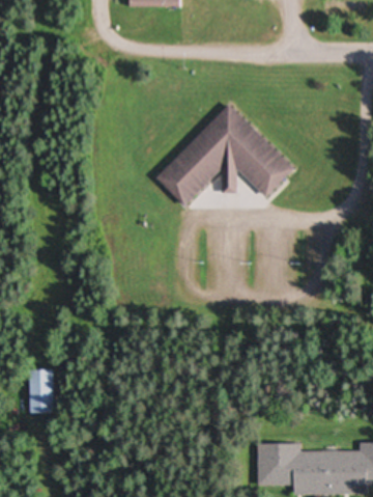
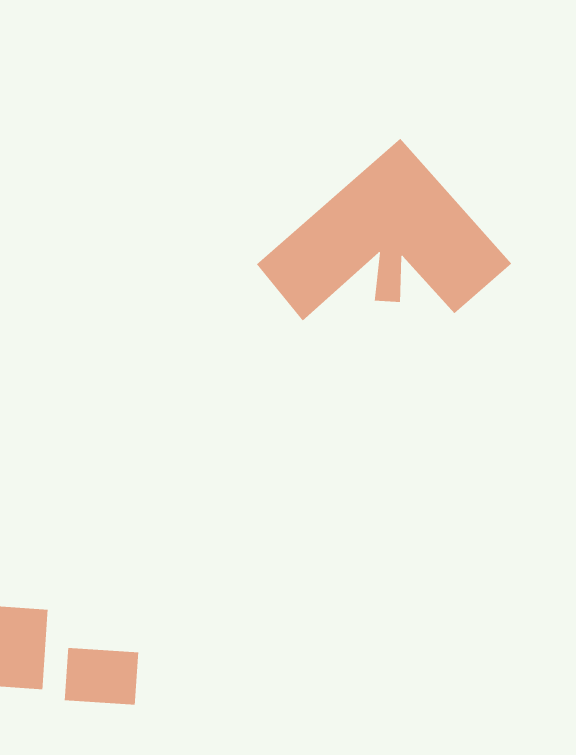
building: none -> [64,647,139,706]

